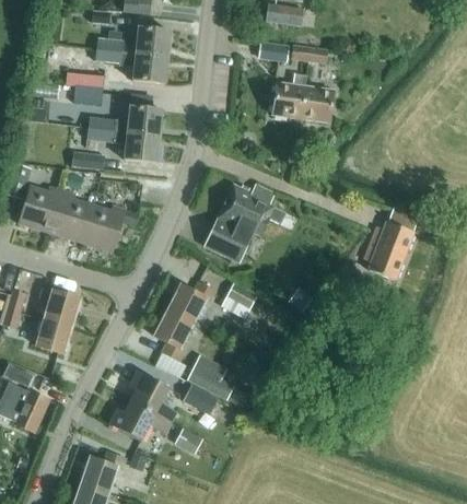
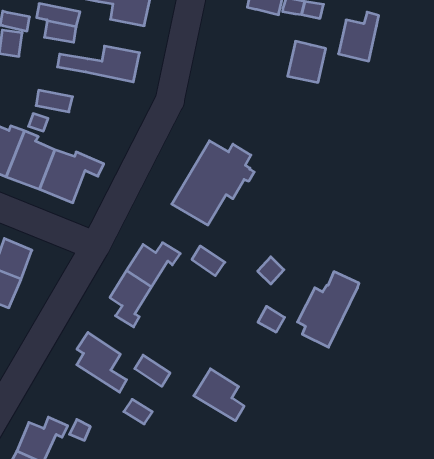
building: [271,73,305,118] -> [338,12,379,61]
building: [86,128,159,162] -> none
building: [363,209,417,279] -> [297,272,359,347]
building: [186,353,233,399] -> [194,369,244,421]
building: [108,400,171,441] -> none

